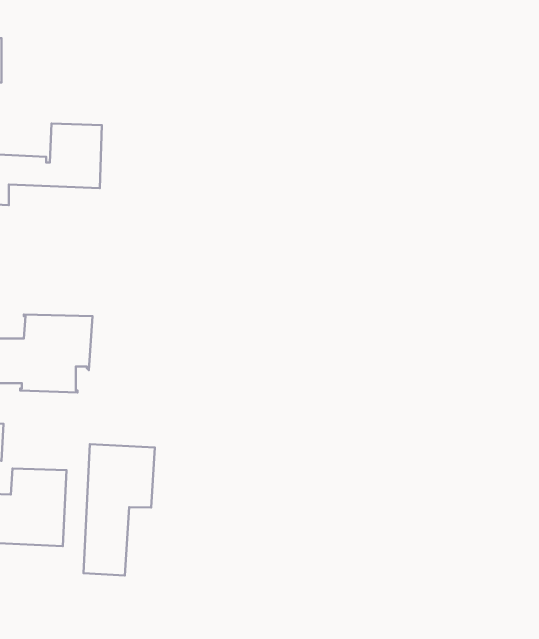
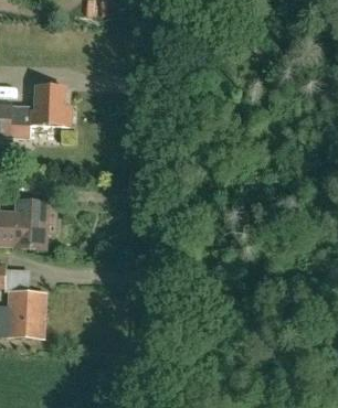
building: [84,444,155,576] -> none

